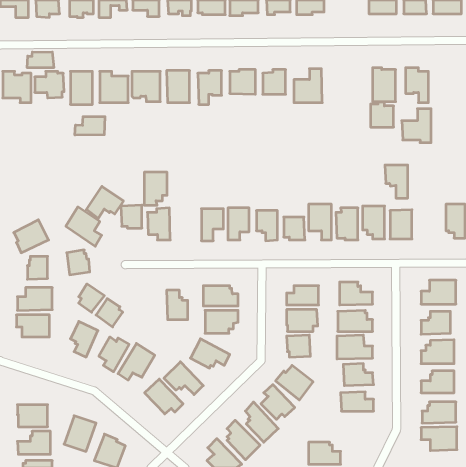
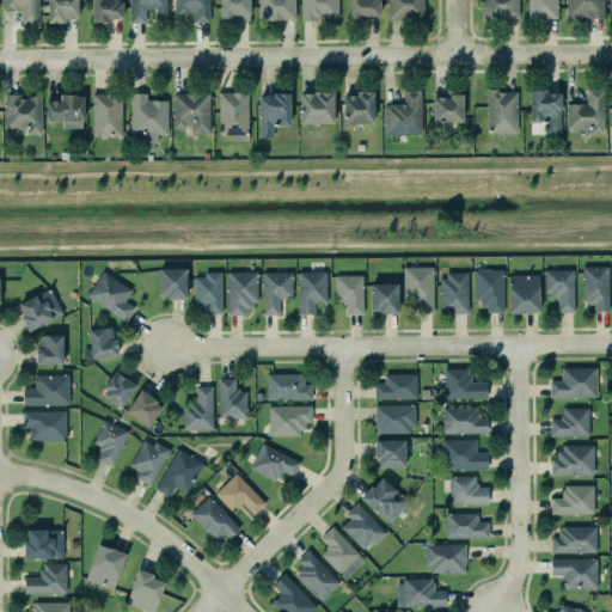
building: [27,52,54,68] -> none
building: [371,102,394,127] -> [435,91,465,123]
building: [402,109,431,143] -> [568,90,606,134]
building: [75,117,105,135] -> none
building: [385,165,408,198] -> [545,270,575,313]
building: [144,172,167,205] -> [230,273,259,316]
building: [86,186,123,218] -> none
building: none -> [185,387,214,430]
building: none -> [426,544,467,573]

